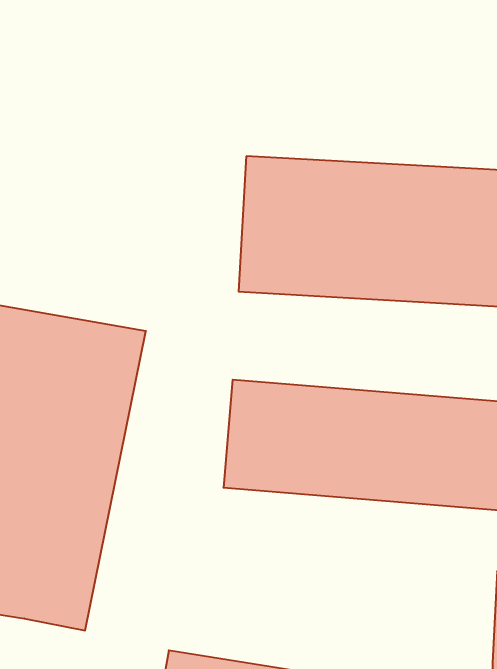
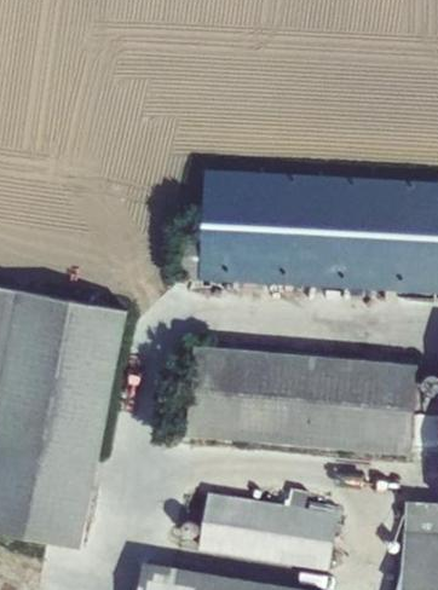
building: none -> [200,488,338,568]

